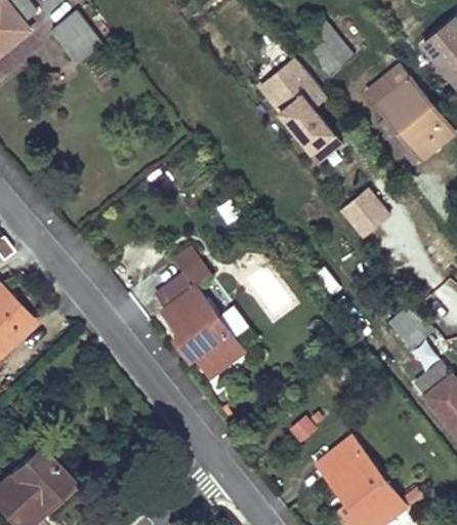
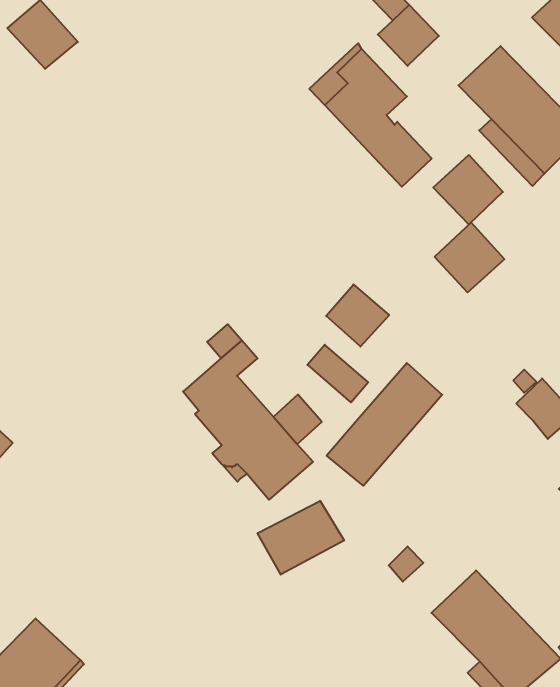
building: none -> [433,155,503,225]
building: none -> [326,284,389,347]
building: none -> [327,363,442,486]
building: none -> [258,501,344,575]

